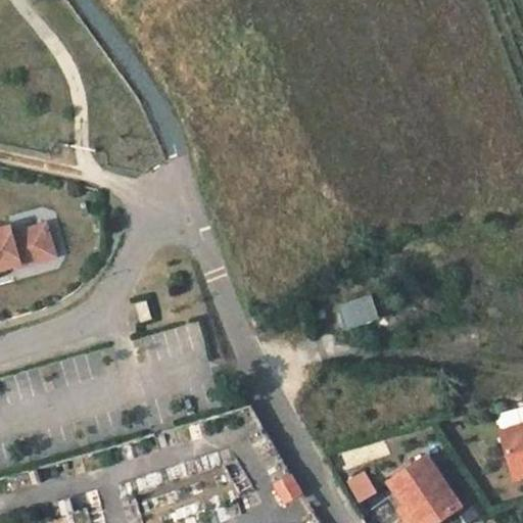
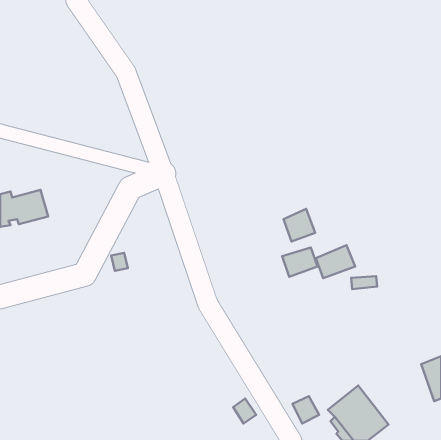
building: none -> [283,209,315,241]
building: none -> [316,245,355,278]

